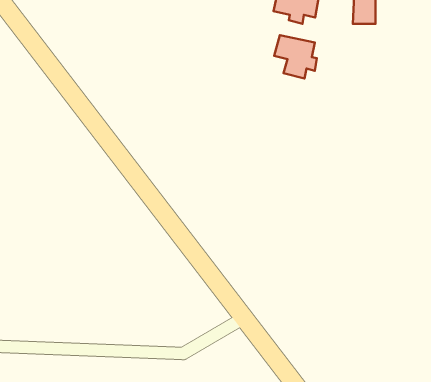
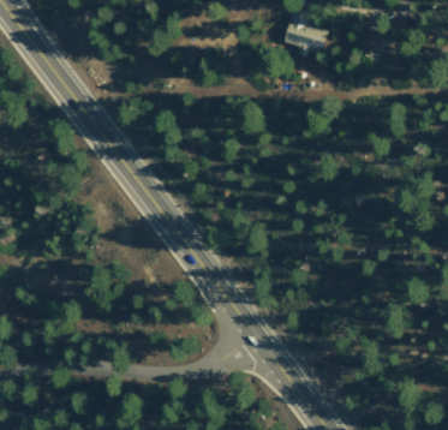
building: [274,35,317,78] -> none

